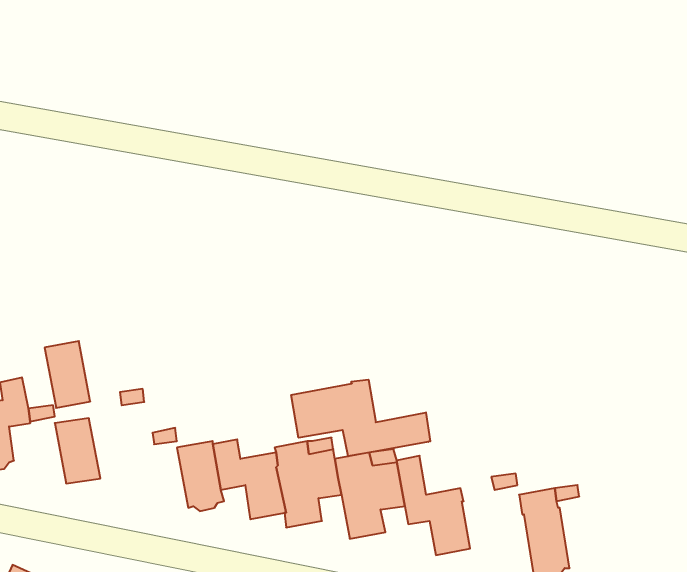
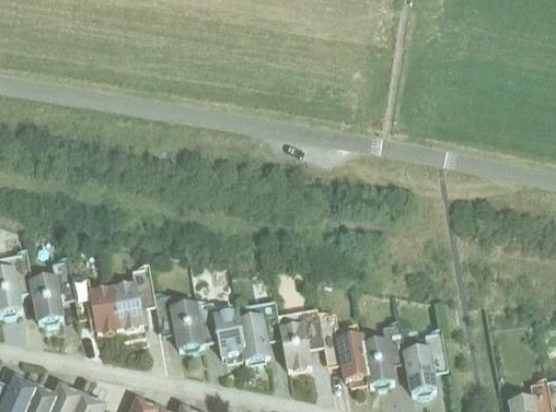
building: [45,341,90,408] -> [112,284,142,329]
building: [291,380,430,456] -> none
building: none -> [362,340,393,387]

